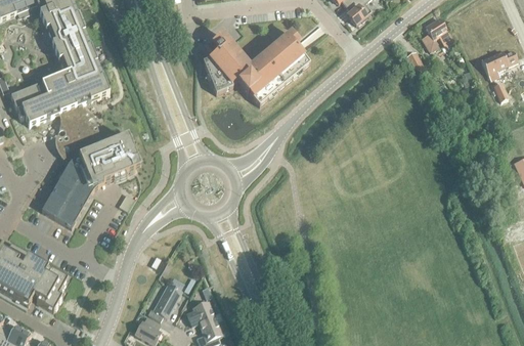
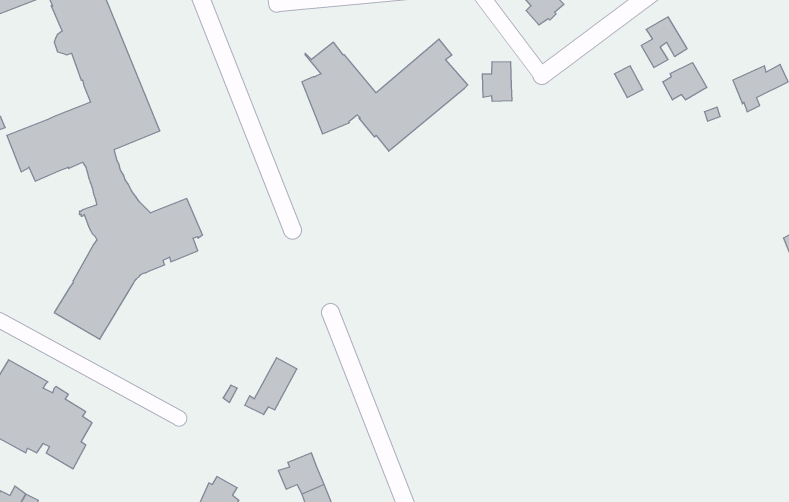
building: none -> [483,62,512,101]
building: none -> [663,63,707,100]
building: [147,283,181,319] -> [245,358,297,415]

